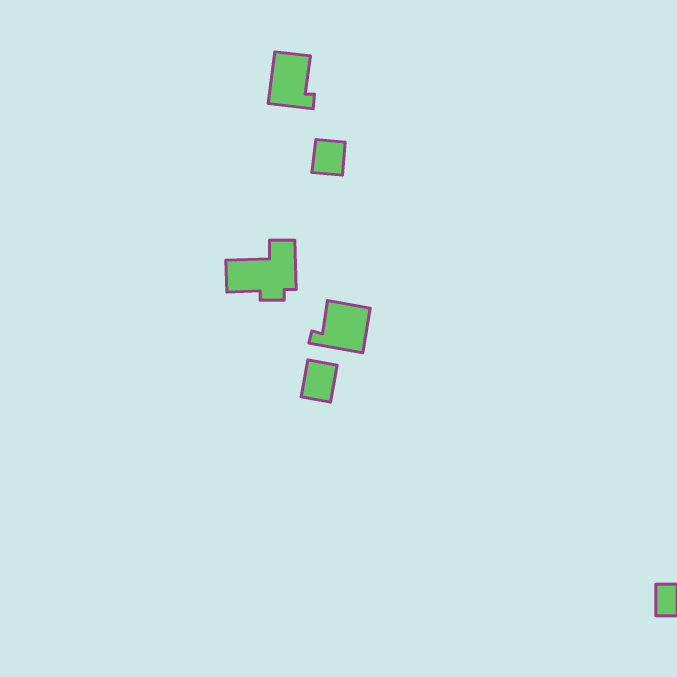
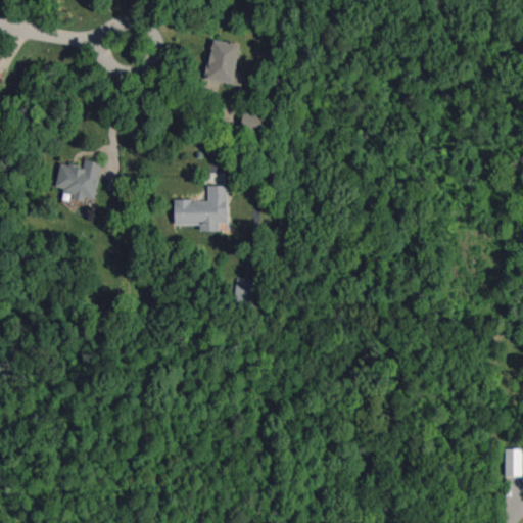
building: none -> [54,160,101,202]
building: [309,300,370,353] -> none

